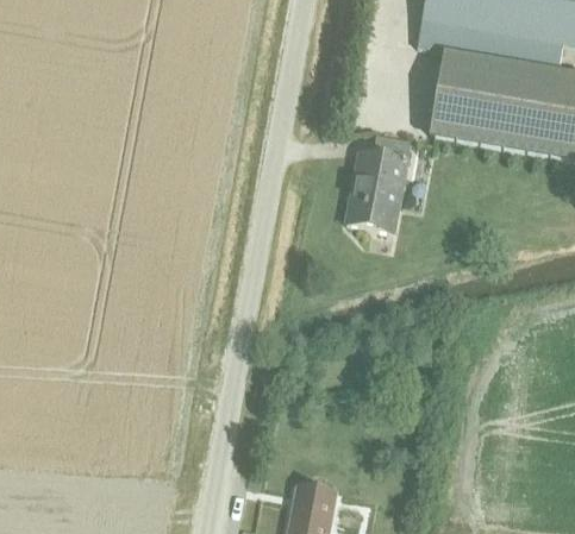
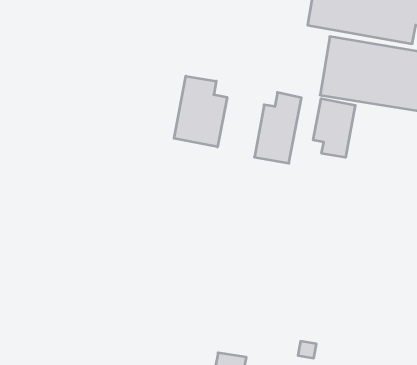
building: none -> [174,76,227,147]
building: none -> [313,99,355,157]

